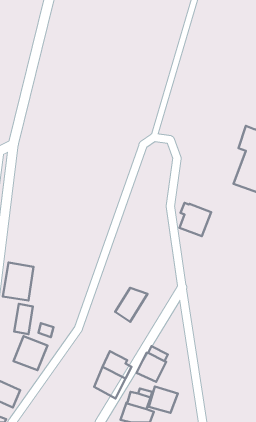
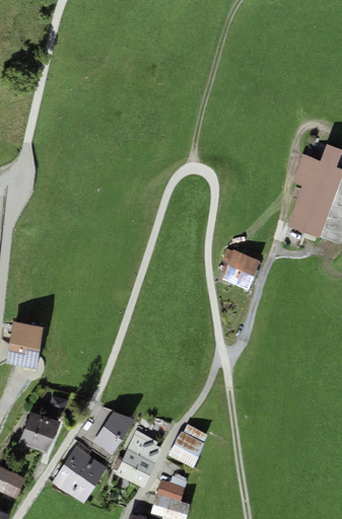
building: [115,288,148,322] -> [94,412,134,453]
building: [14,304,33,334] -> none
building: none -> [53,446,107,503]
building: [149,387,178,413] -> none

